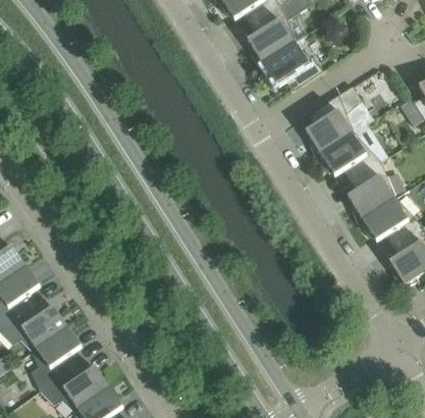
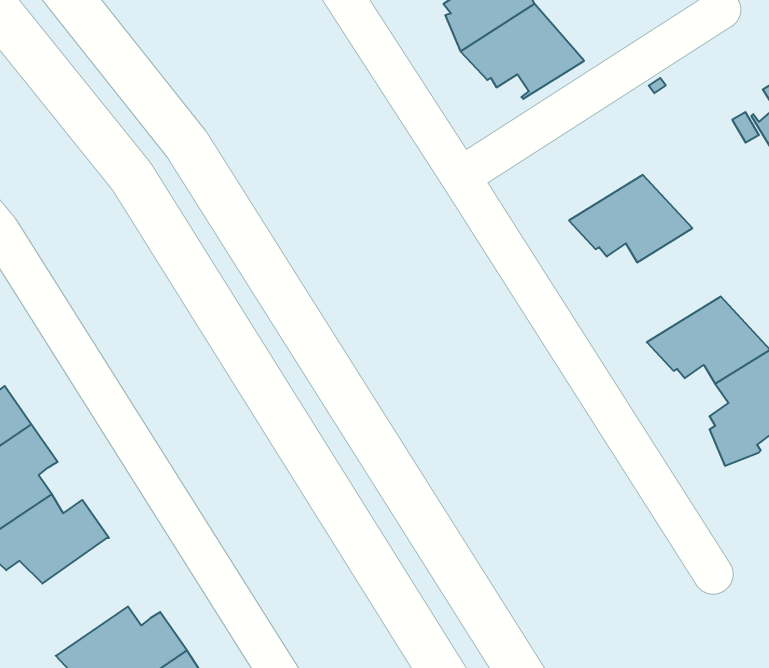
building: [306,86,363,157] -> none
building: [349,161,396,222] -> none
building: [32,327,82,390] -> none

